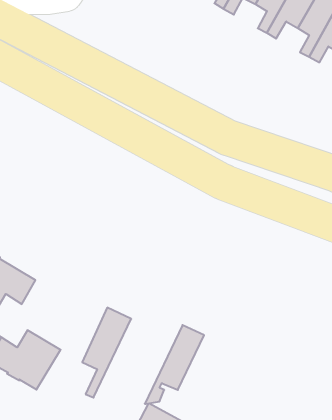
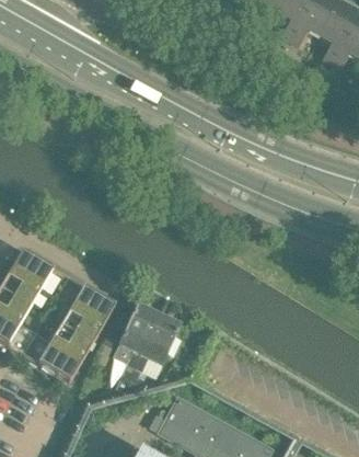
building: none -> [55,276,114,343]
building: [145,325,204,404] -> [124,313,181,389]

